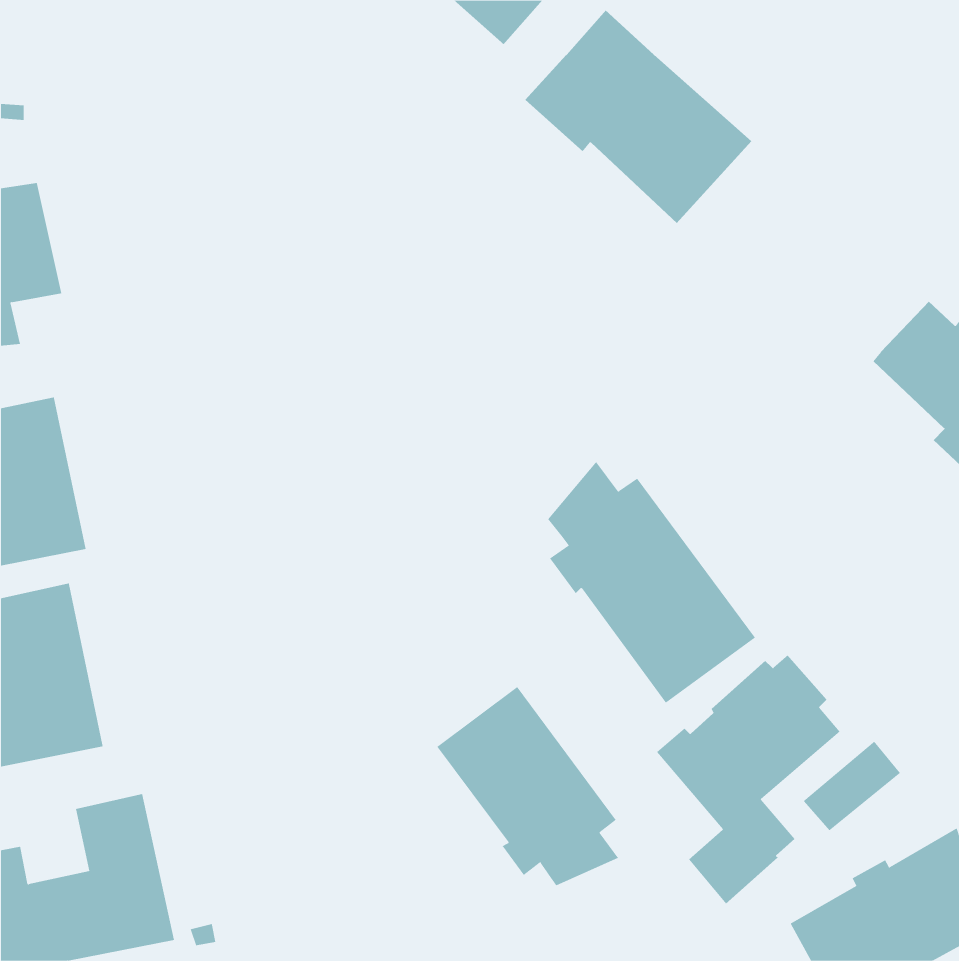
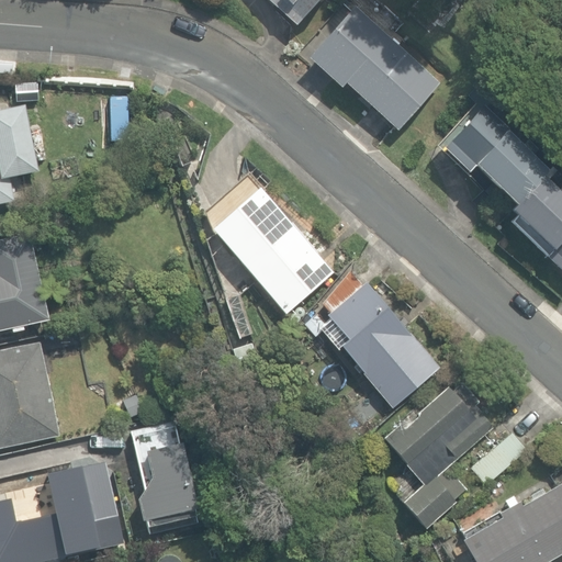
building: none -> [441,103,550,205]
building: none -> [212,189,331,313]
building: [437,686,619,886] -> none
building: none -> [132,425,199,535]

